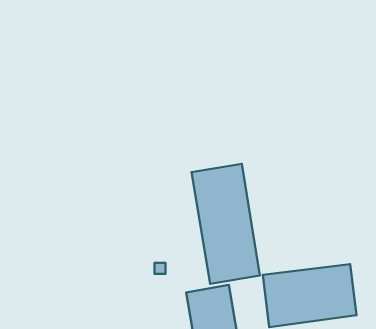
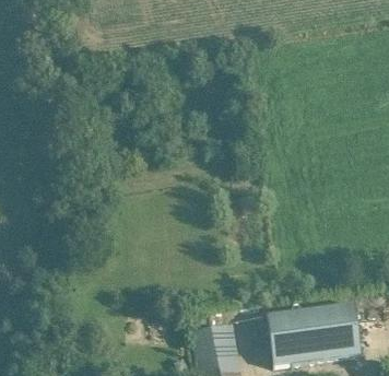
building: [191,164,260,284] -> none

